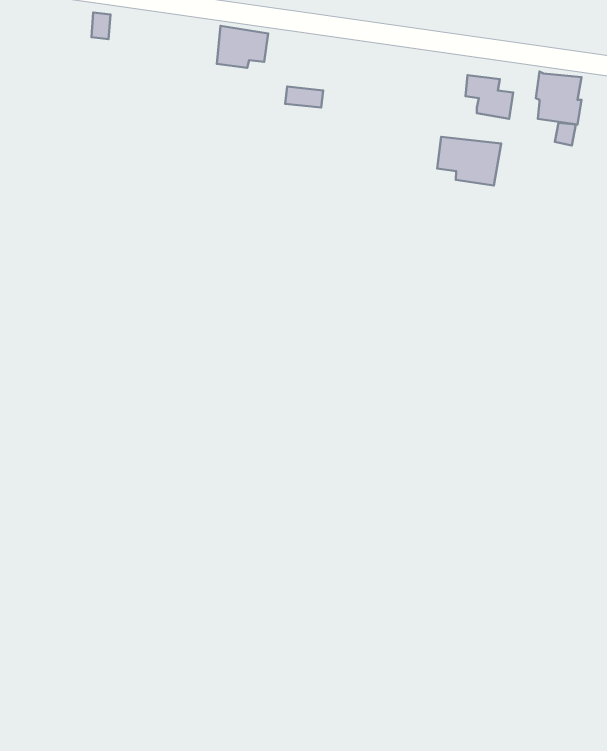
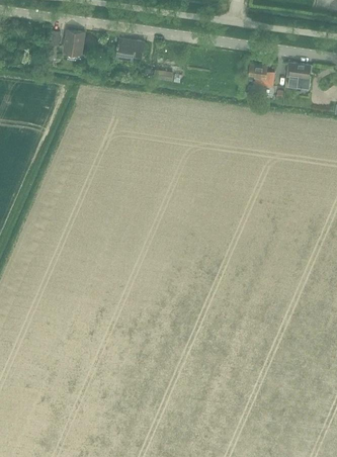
building: none -> [64,28,85,57]
building: [437,137,501,185] -> none

